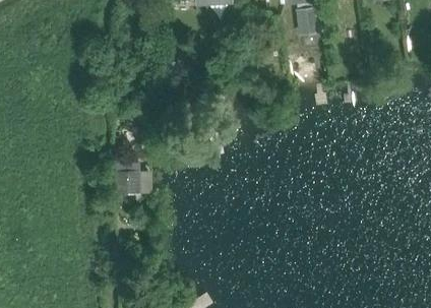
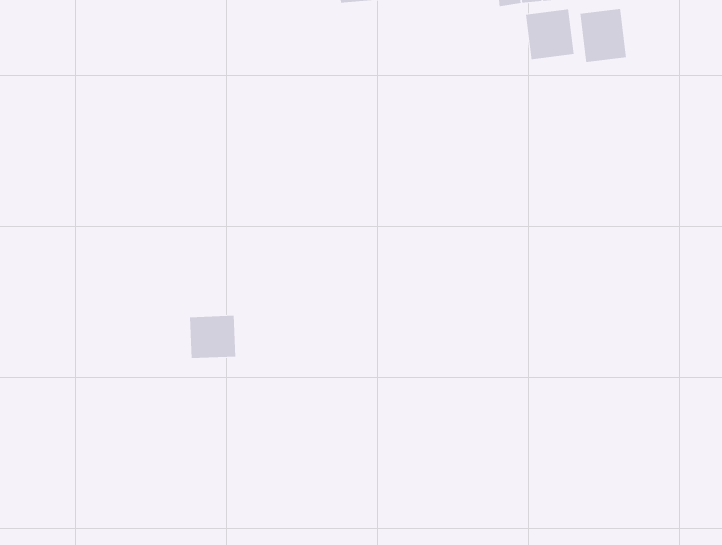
building: none -> [580,8,626,63]

